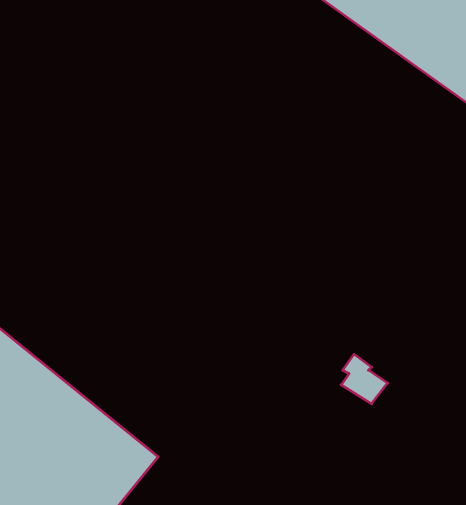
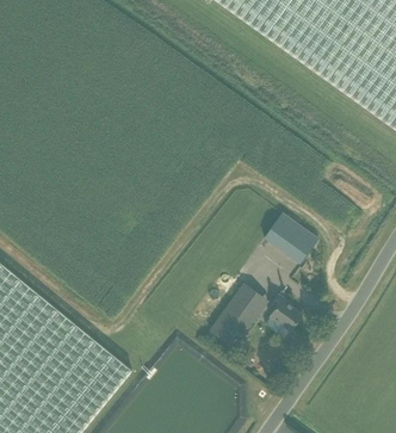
building: none -> [264,212,317,261]
building: none -> [209,282,268,347]

